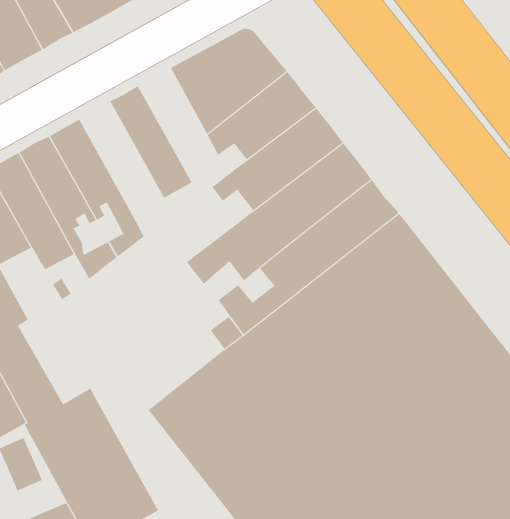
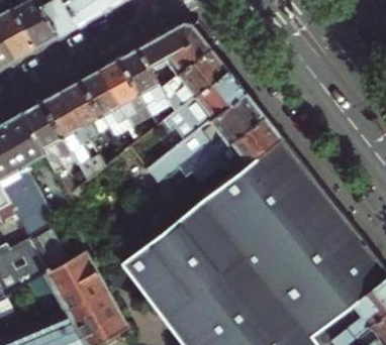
building: none -> [117,47,172,120]
building: none -> [80,69,133,141]

